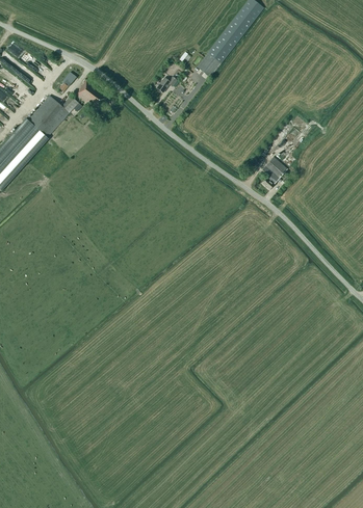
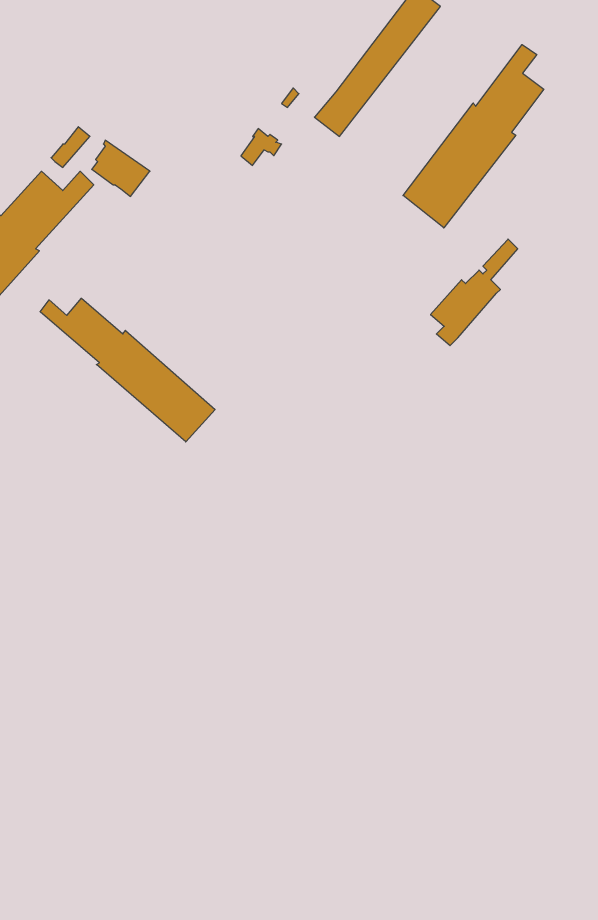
building: none -> [403,45,544,228]
building: none -> [40,298,215,442]

